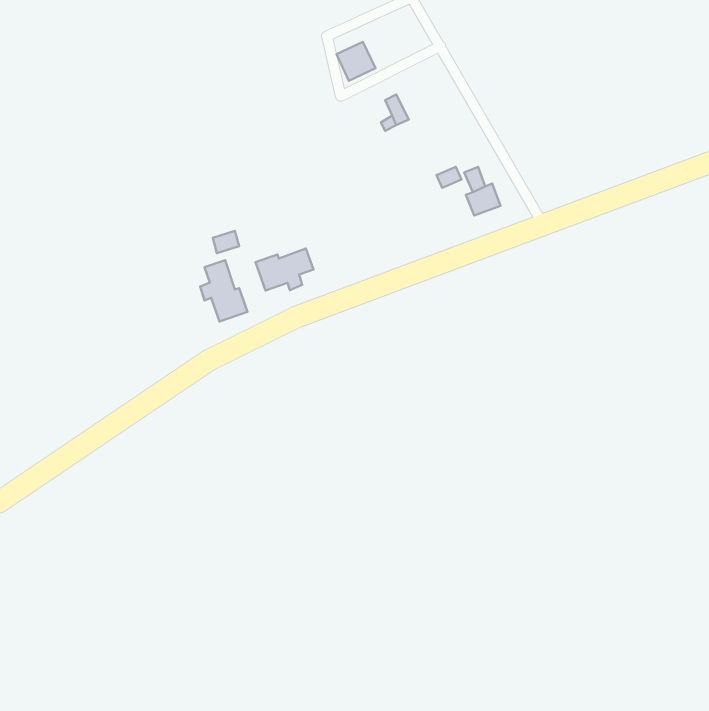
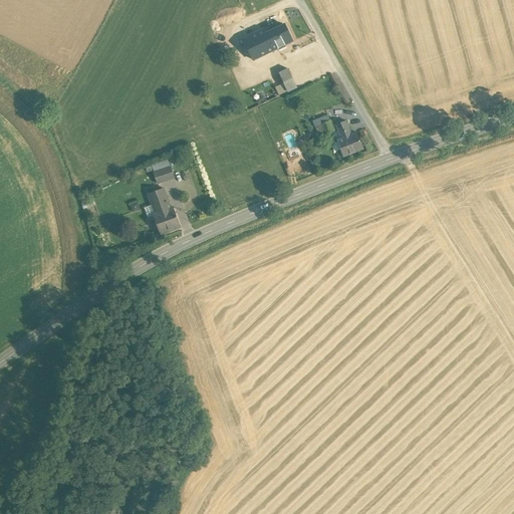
building: none -> [262,24,290,51]
building: [255,249,314,291] -> none

